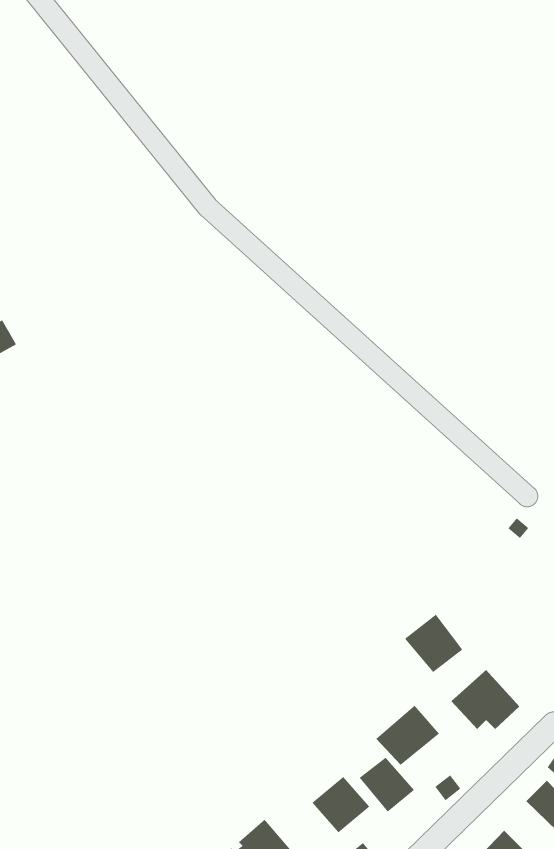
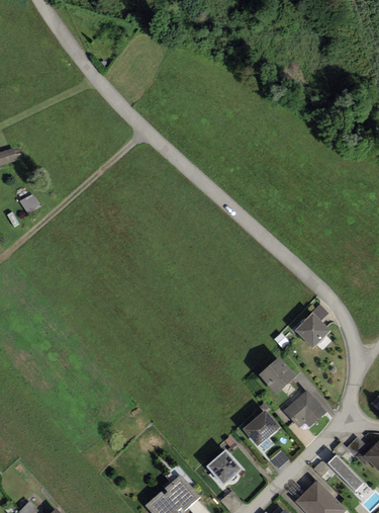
building: none -> [294,314,327,348]
building: [359,757,415,812] -> none

